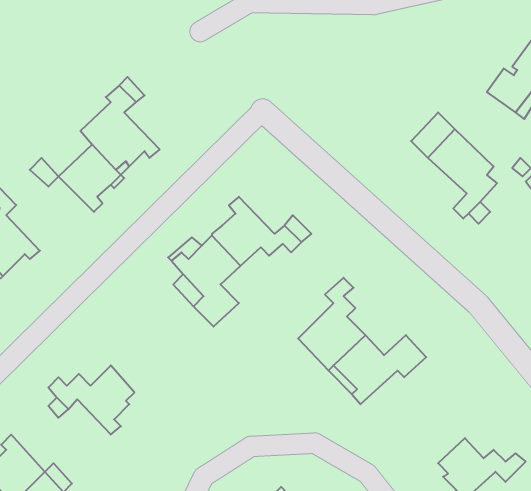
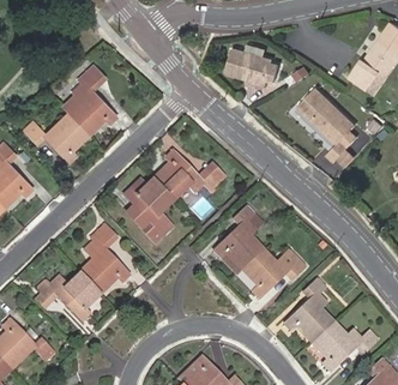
building: none -> [227,49,279,82]
building: none -> [82,224,128,291]
building: none -> [285,278,333,339]

